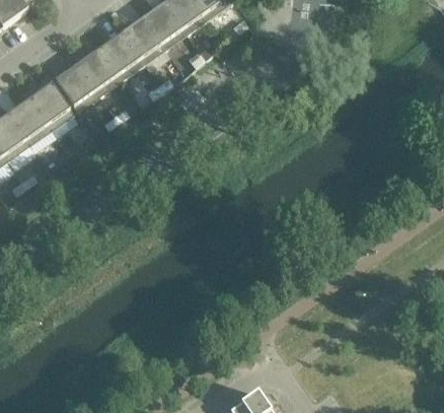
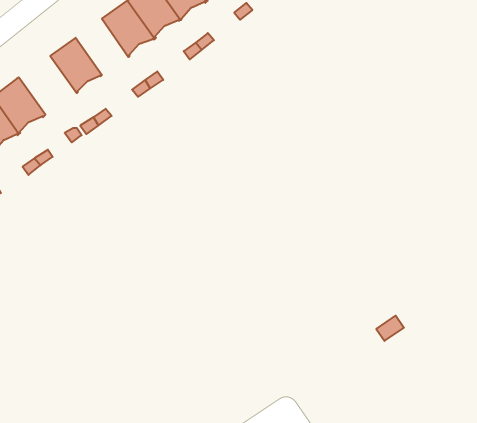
building: [97,32,142,80] -> none
building: [53,64,98,112] -> none

